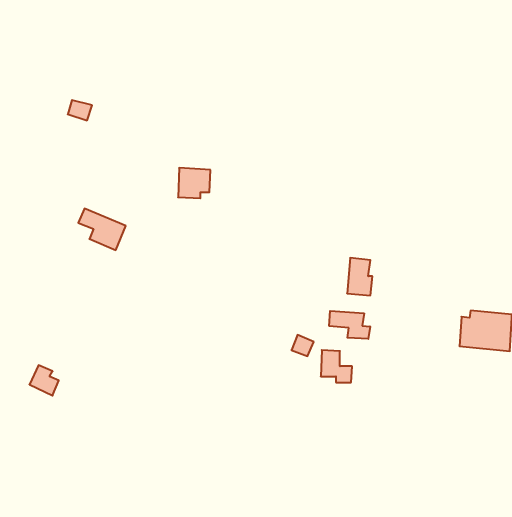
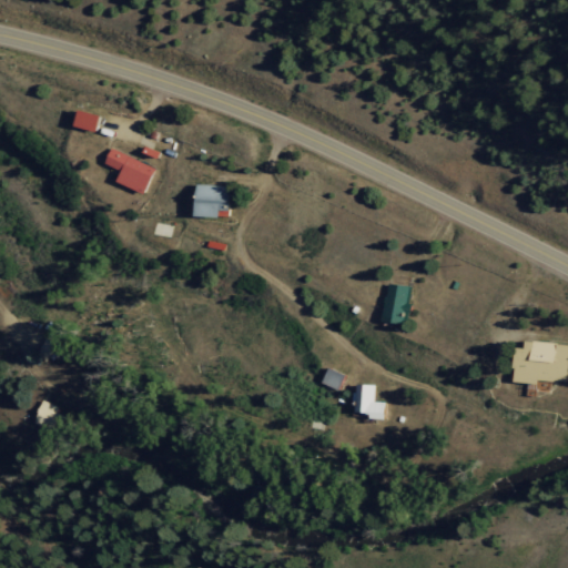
building: [78,209,126,250] -> [102,149,154,194]
building: [329,311,370,339] -> none

